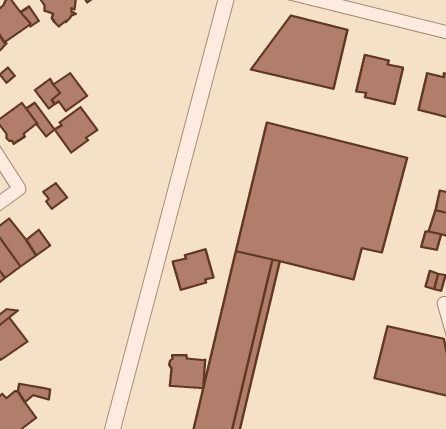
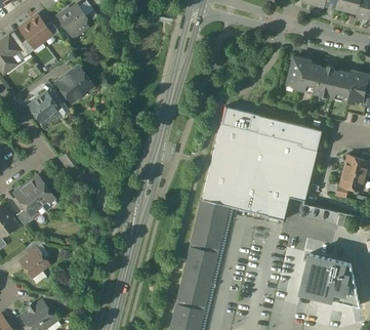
building: [251,15,348,89] -> none
building: none -> [316,66,339,96]
building: [55,107,97,153] -> none
building: [173,249,214,290] -> none
building: [169,355,205,388] -> none

